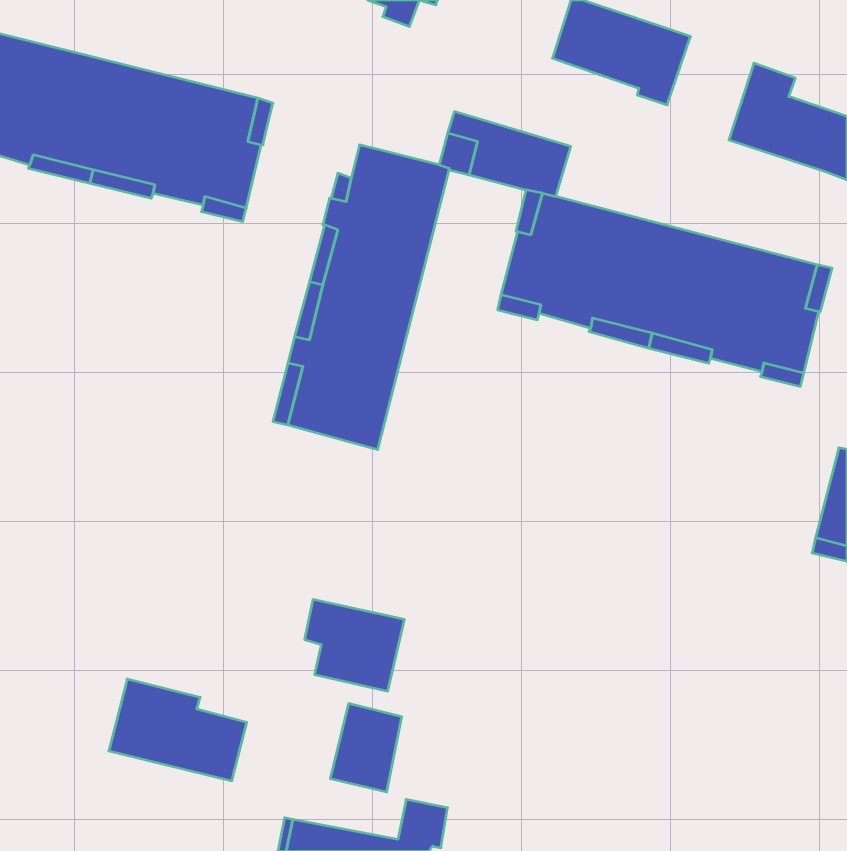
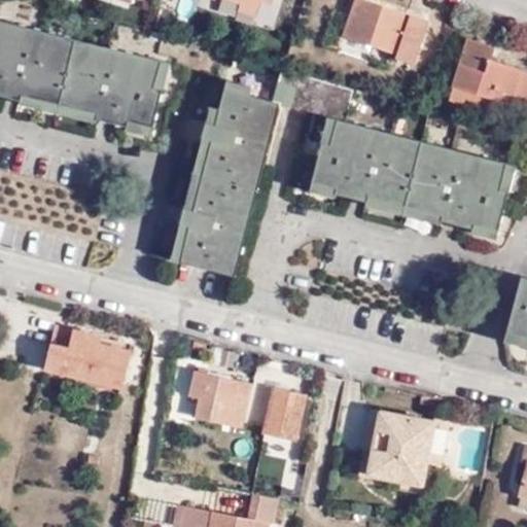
building: none -> [356,409,434,486]
building: [109,679,247,781] -> [43,325,129,388]
building: [330,704,402,792] -> [260,387,305,442]

